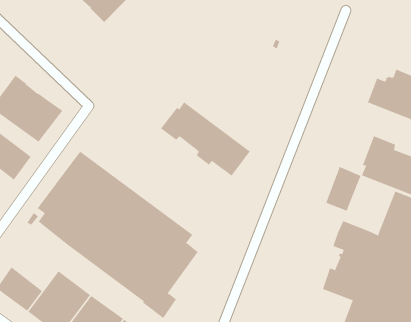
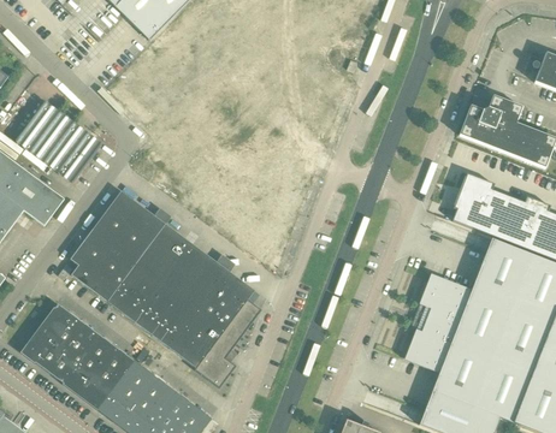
building: [160,101,251,177] -> none
building: [326,166,361,212] -> none
building: none -> [40,304,95,356]

